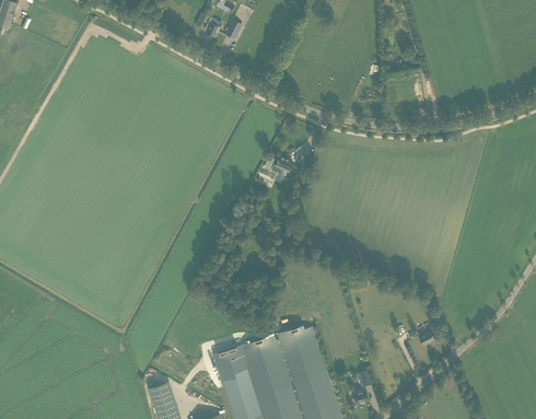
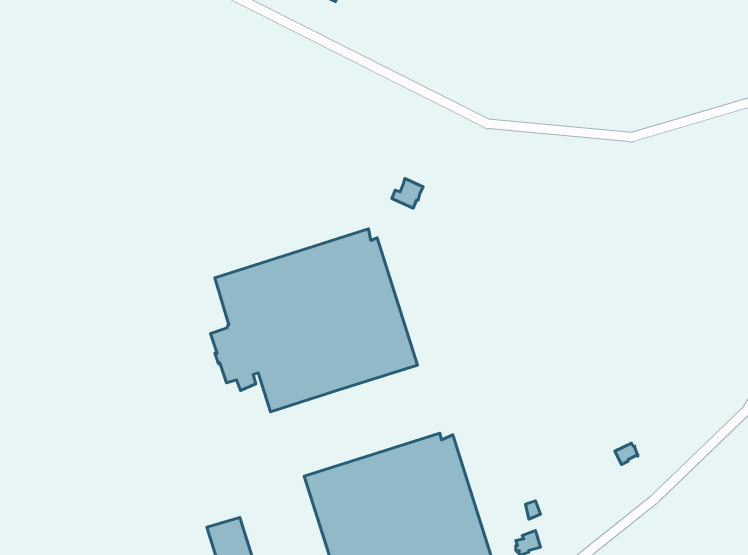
building: none -> [211,229,418,412]

